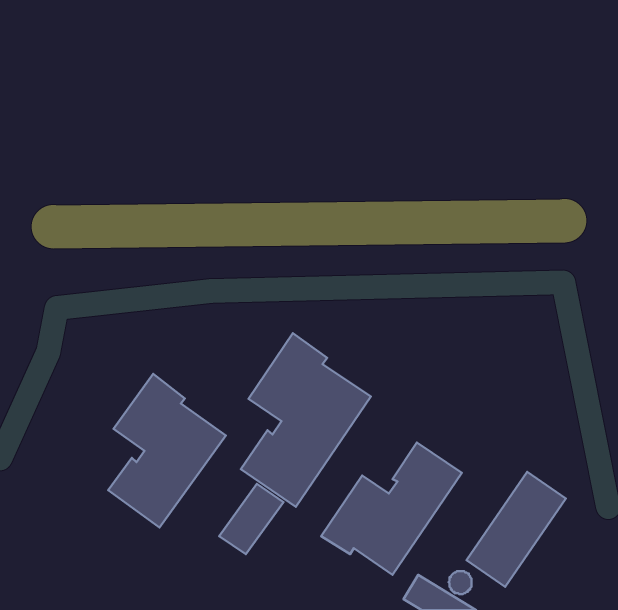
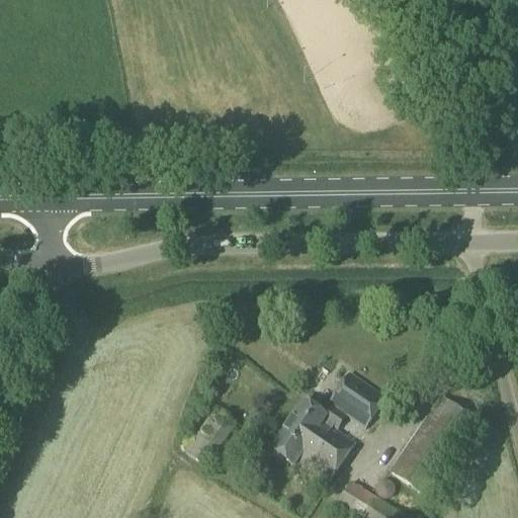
building: [241,333,371,507] -> none
building: [108,374,226,528] -> none

